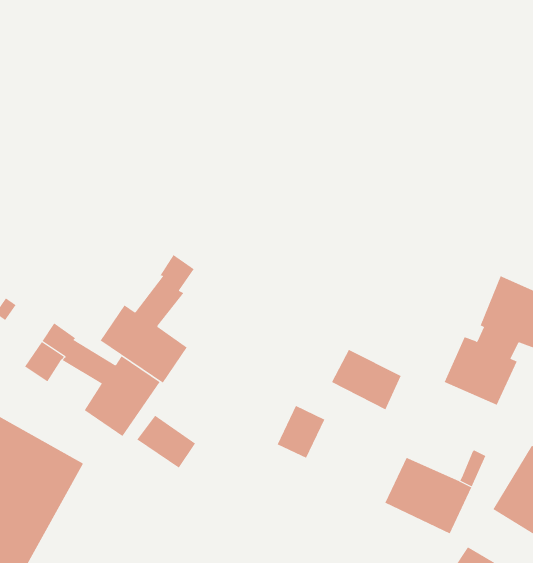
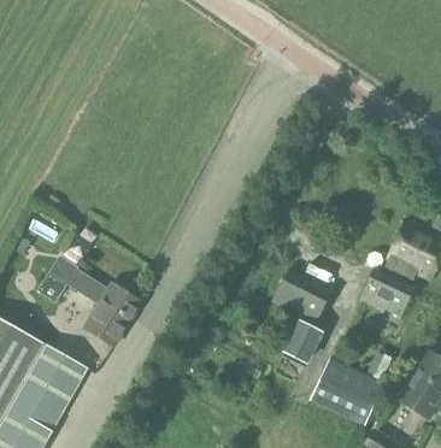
building: [100,254,195,383] -> none
building: [277,405,325,459] -> [284,322,322,362]
building: [136,415,196,469] -> none

